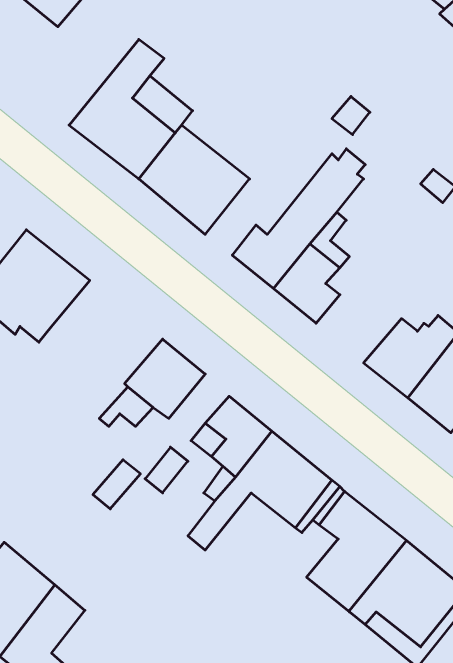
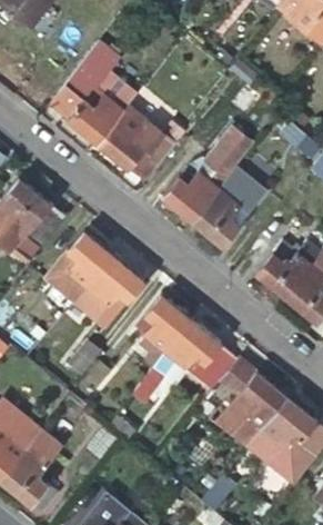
building: none -> [47,231,114,320]

